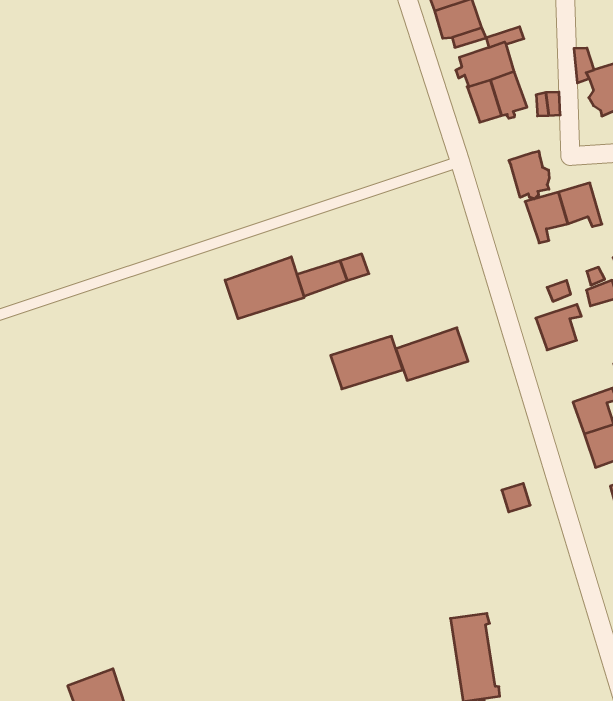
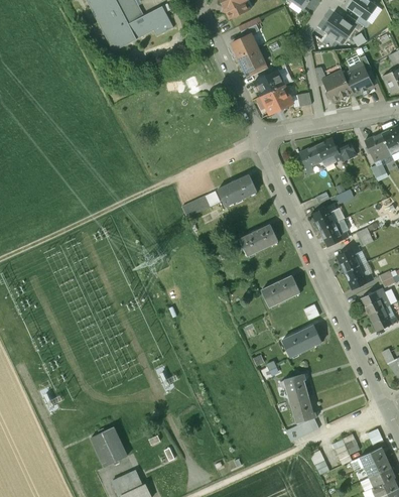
building: [509,151,549,199] -> none
building: [225,257,304,319] -> none
building: none -> [319,219,350,246]
building: [331,336,403,389] -> [218,174,257,206]
building: none -> [261,275,300,307]
building: none -> [283,326,321,357]

